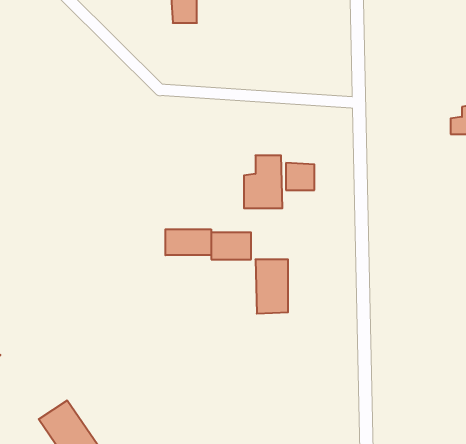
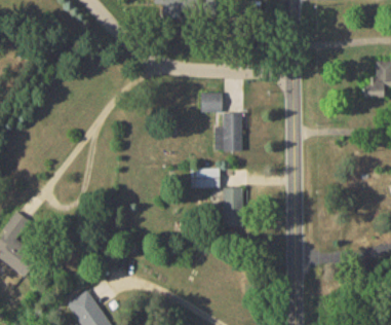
building: [286,163,314,190] -> [201,93,222,112]
building: [165,229,211,255] -> none

